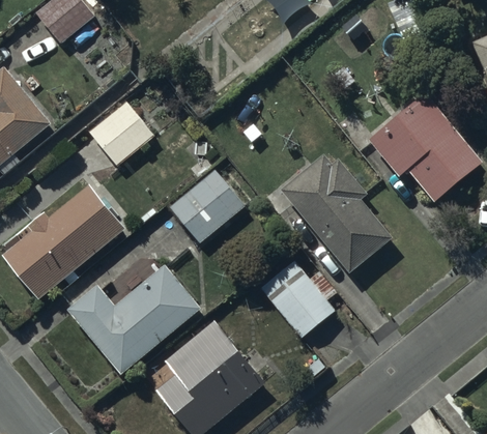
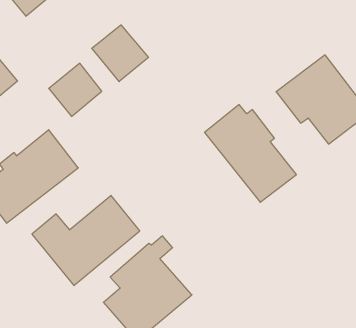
building: none -> [92,25,148,82]
building: [168,170,245,243] -> none
building: [261,264,335,341] -> none

